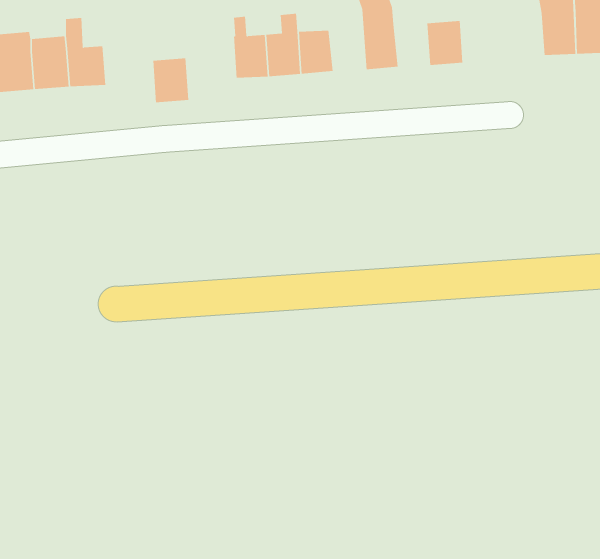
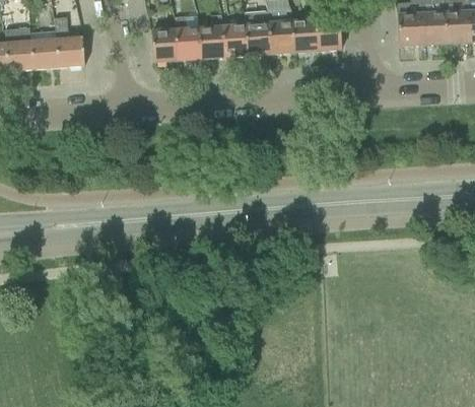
building: none -> [247,10,273,55]
building: none -> [293,20,319,52]
building: [152,58,189,103] -> [153,29,180,62]

